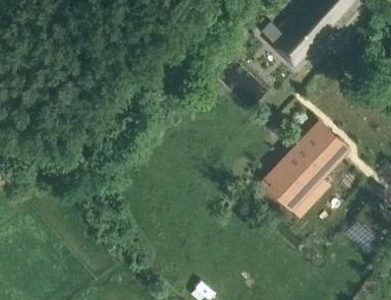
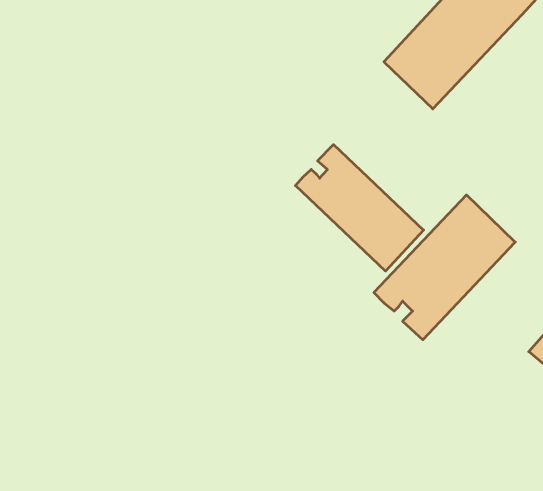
building: none -> [295,145,424,271]

